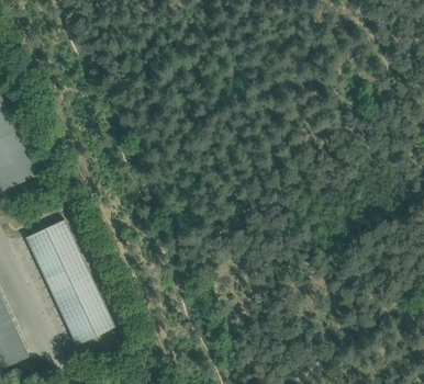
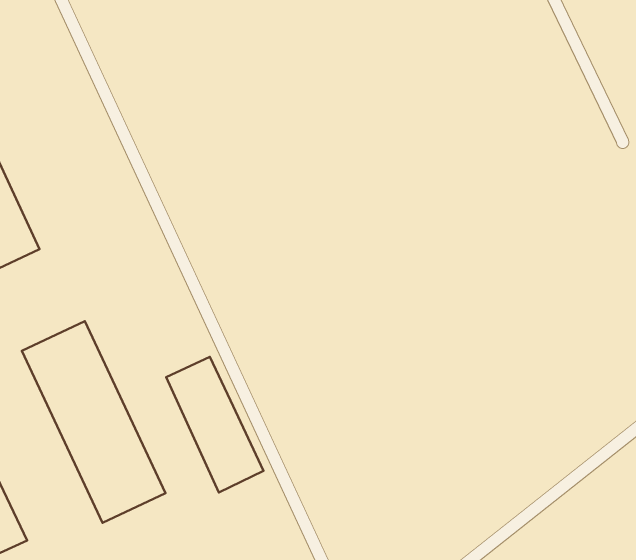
building: none -> [166,357,263,492]

